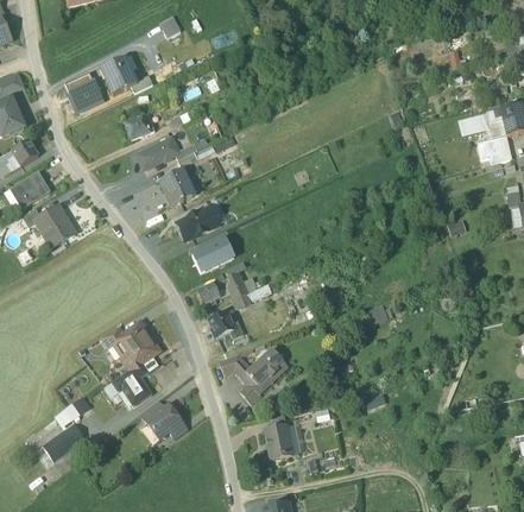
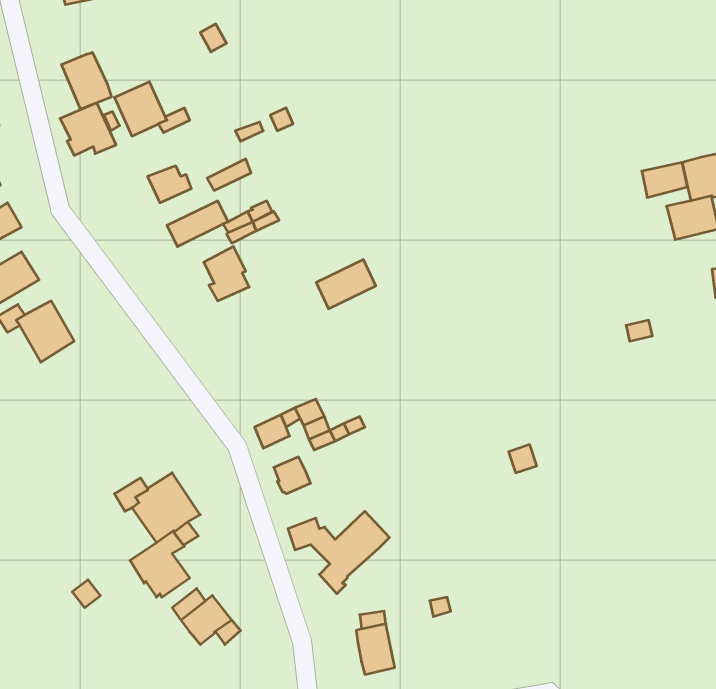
building: none -> [62,52,111,109]
building: [177,206,217,239] -> [316,260,376,309]
building: [192,238,233,271] -> none
building: [42,423,86,461] -> none

